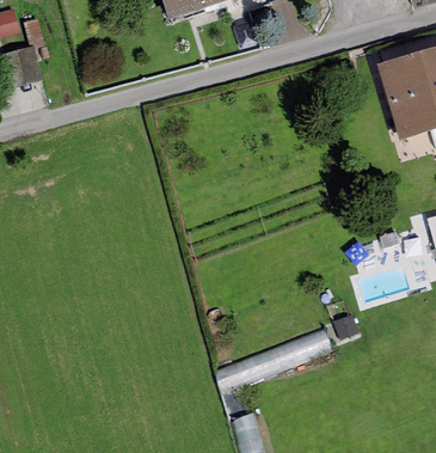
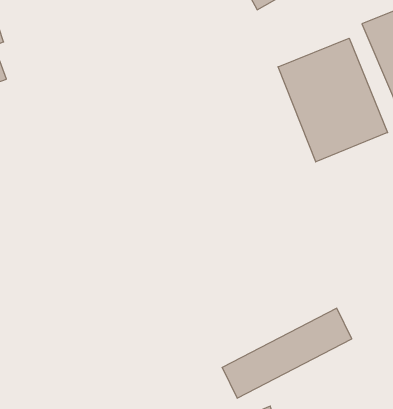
building: none -> [278,38,388,162]

